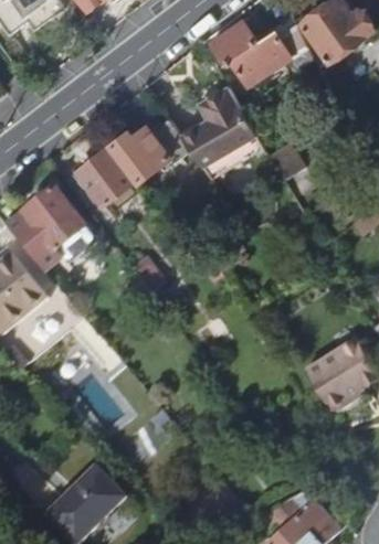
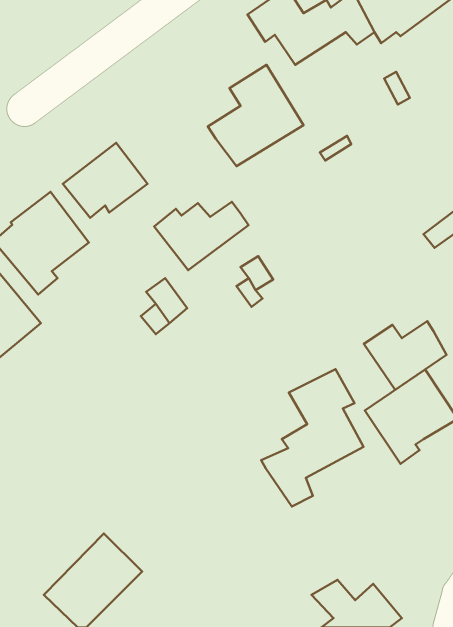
building: [109,127,186,182] -> [154,202,248,270]
building: none -> [364,321,447,390]
building: none -> [261,369,363,506]

